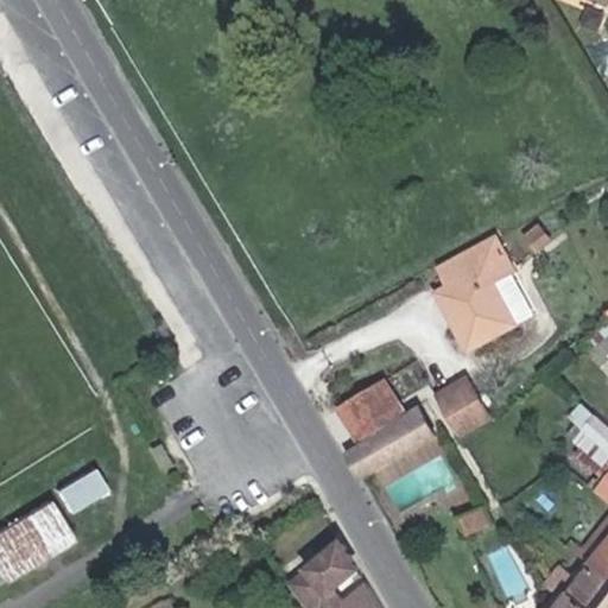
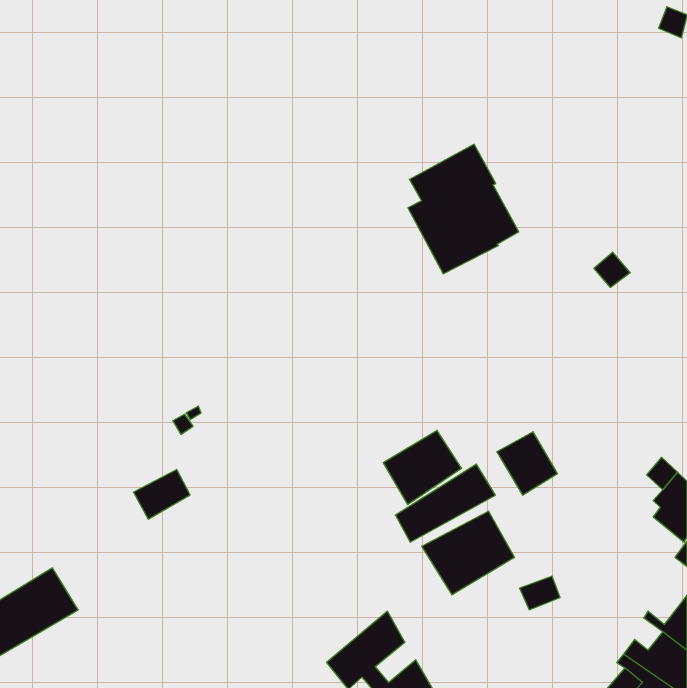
building: [437,238,534,352] -> [408,144,519,274]
building: none -> [422,511,514,595]
building: [57,467,107,511] -> [133,469,190,519]

